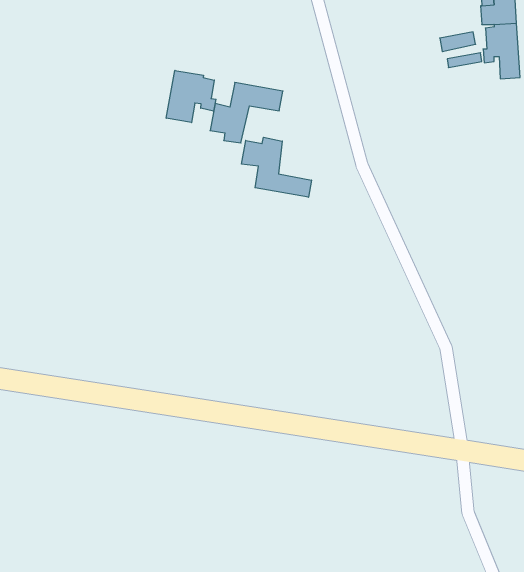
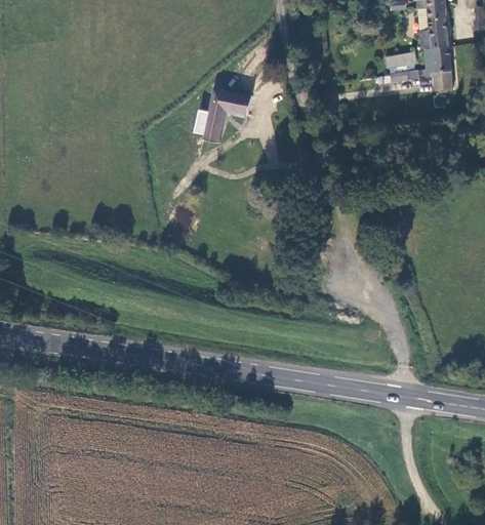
building: [166,70,216,123] -> none
building: [242,137,311,197] -> none

